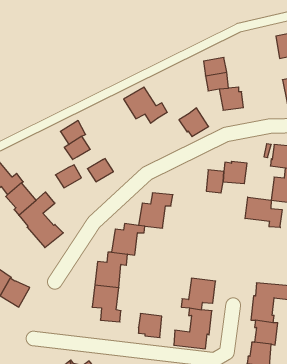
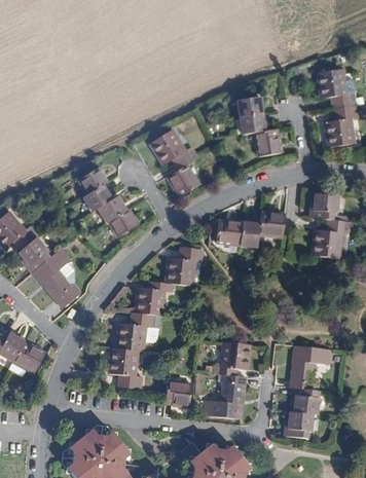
building: [179,108,209,137] -> [167,163,199,195]
building: [55,165,81,188] -> [97,195,125,221]
building: none -> [215,220,242,245]
building: [245,197,282,228] -> none

